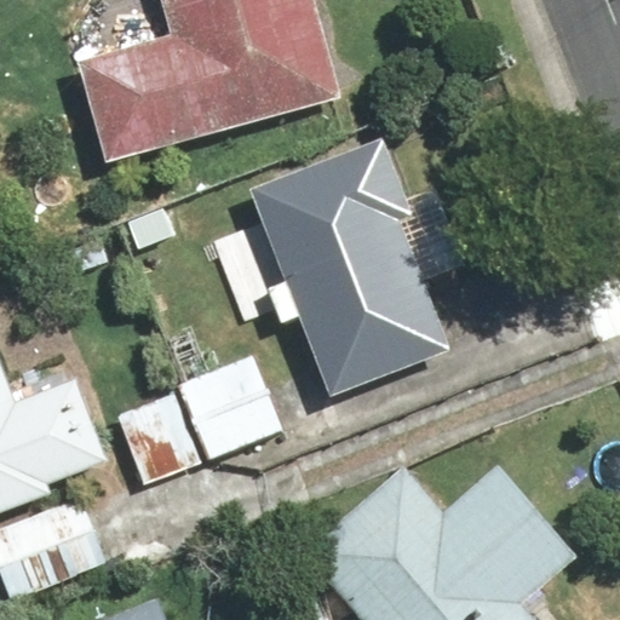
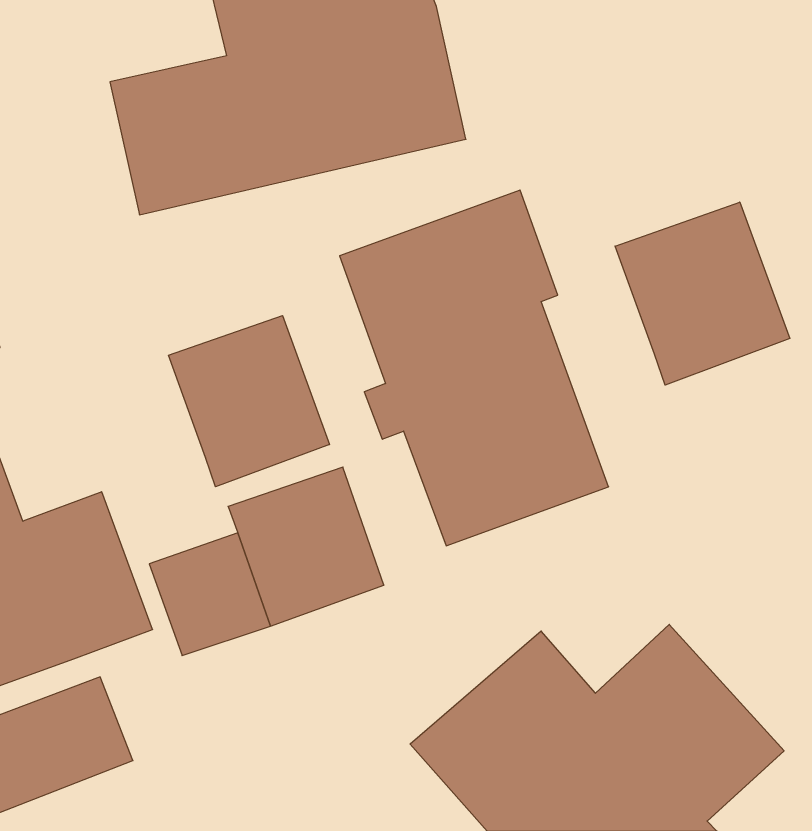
building: none -> [615,202,790,385]
building: none -> [169,316,329,487]

